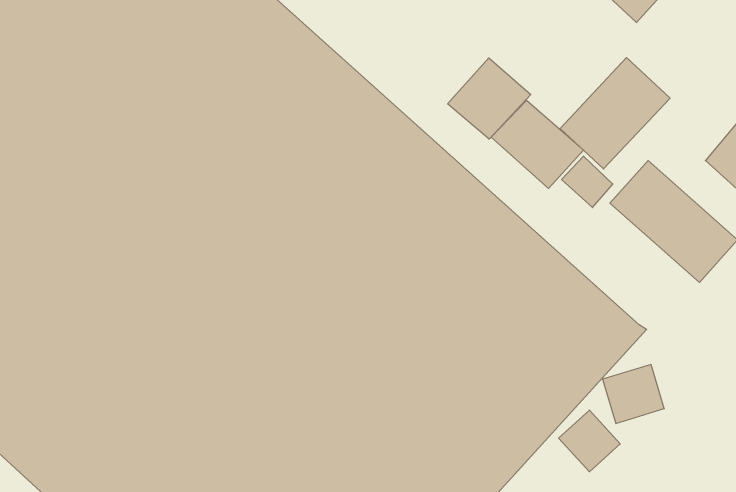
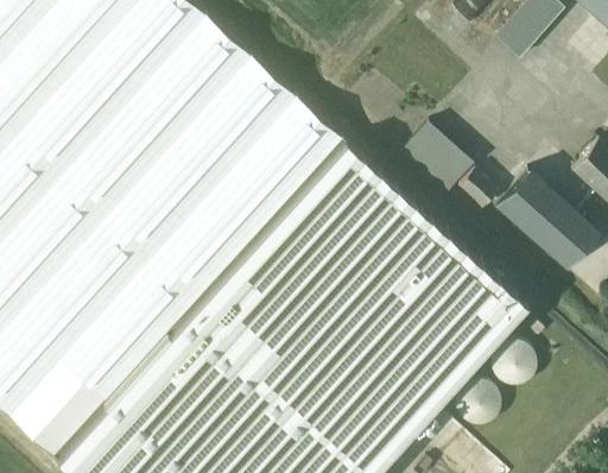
building: [560,58,670,169] -> none
building: [448,58,531,139] -> none

